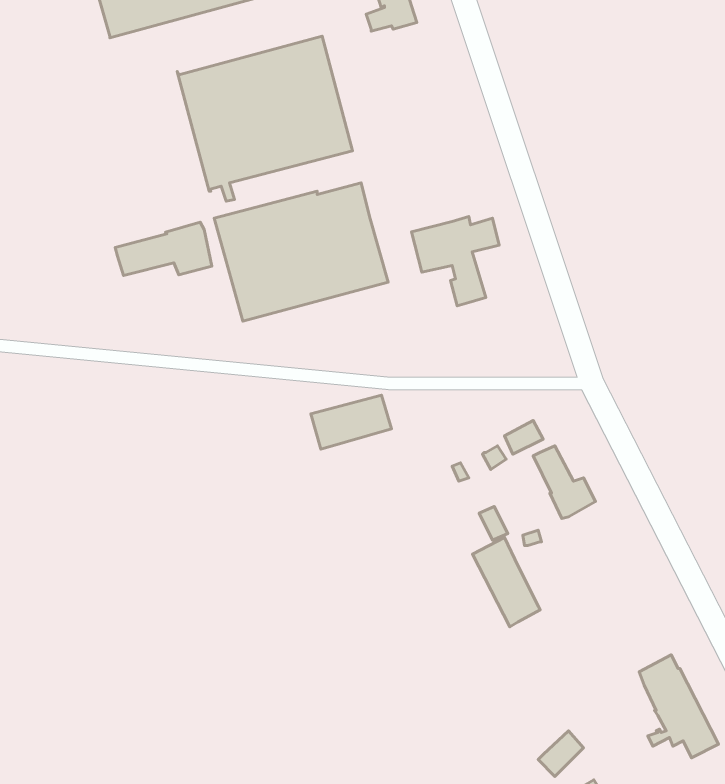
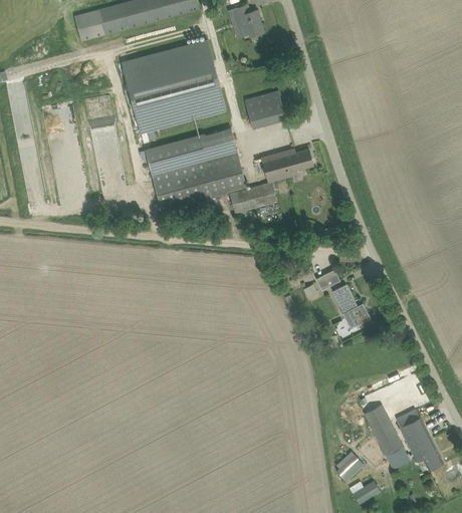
building: none -> [244,89,285,127]
building: [115,222,212,275] -> none
building: [311,395,392,449] -> [228,182,276,214]
building: [473,537,540,627] -> [363,404,403,457]

